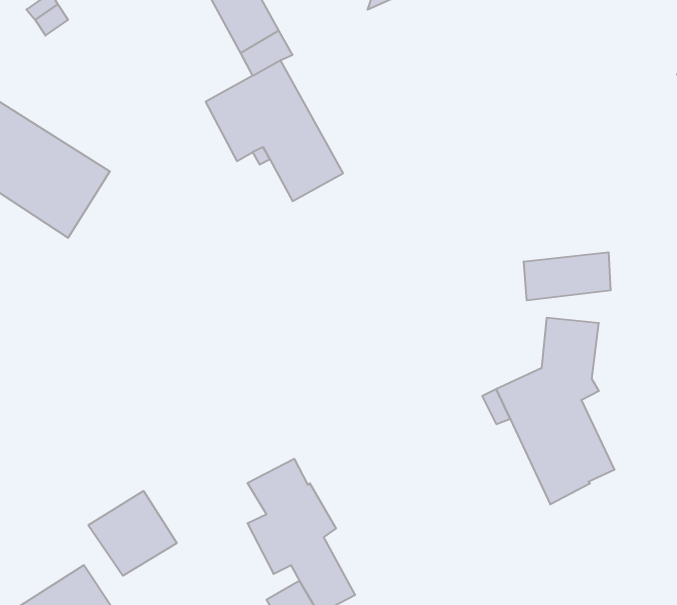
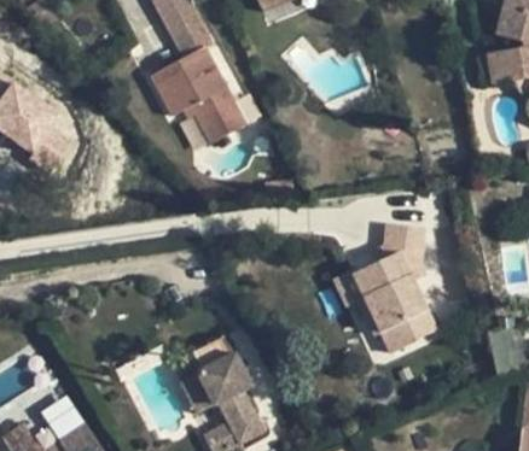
building: [524,252,611,300] -> none
building: [88,491,177,576] -> none

